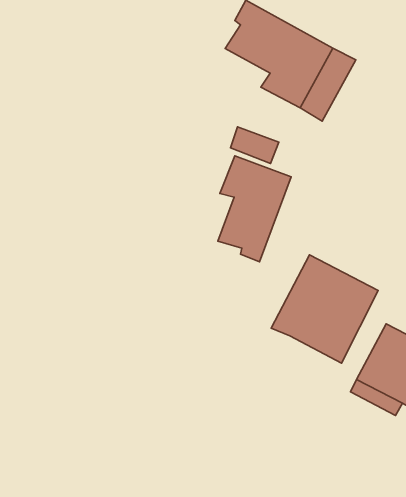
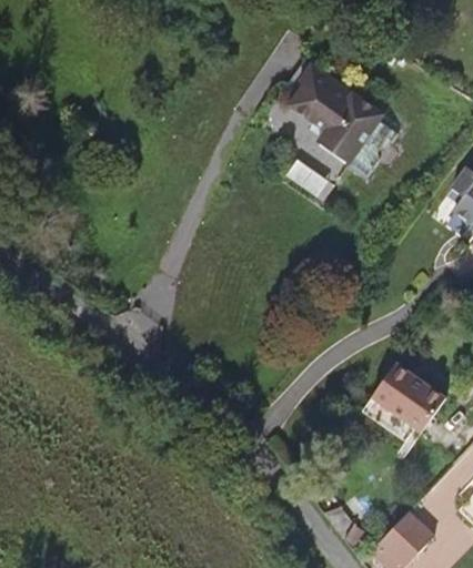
building: [218,156,291,262] -> none
building: [271,255,378,363] -> none

